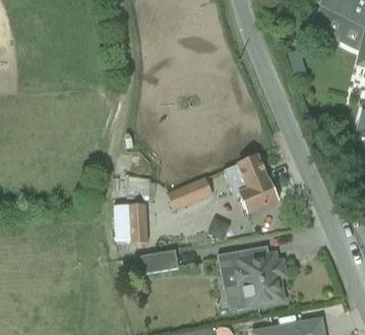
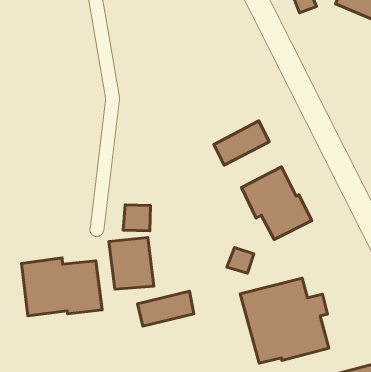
building: [169,176,214,210] -> [214,121,269,165]
building: none -> [21,258,102,316]

